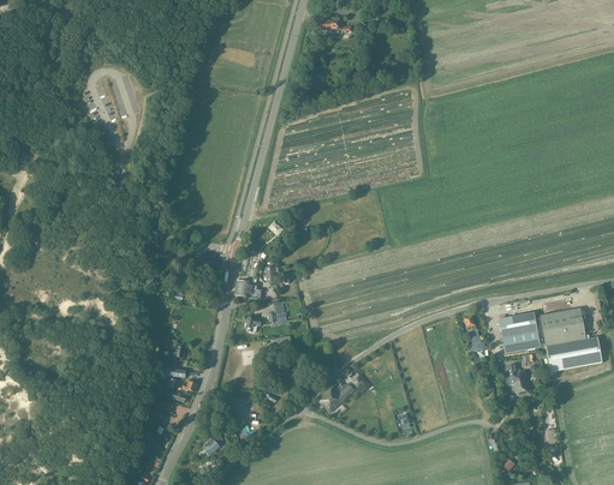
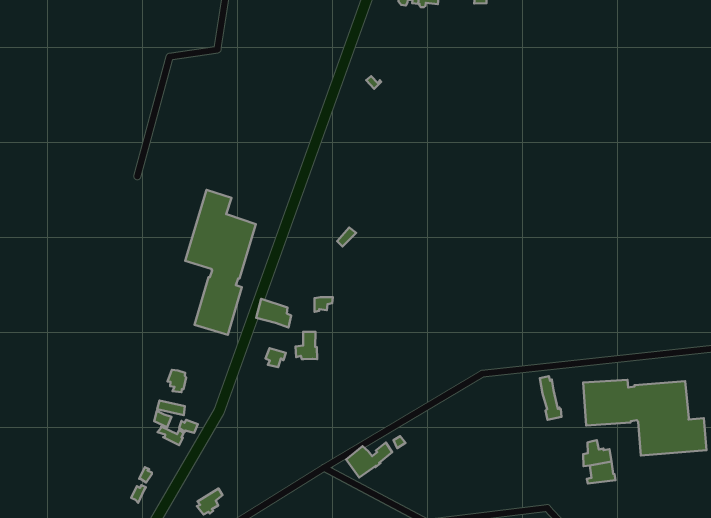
building: none -> [185,190,256,335]

